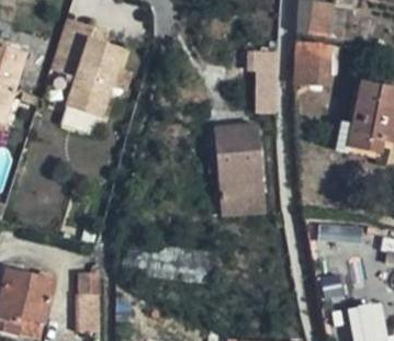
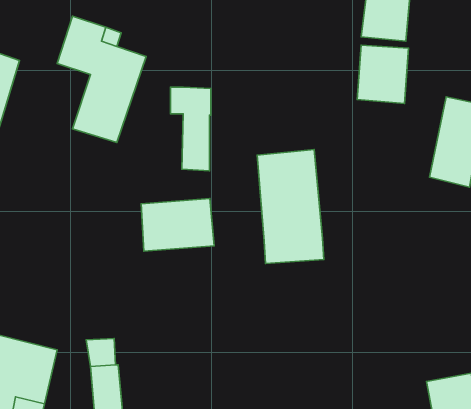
building: [245,50,277,116] -> [171,87,211,171]
building: none -> [141,198,214,251]

